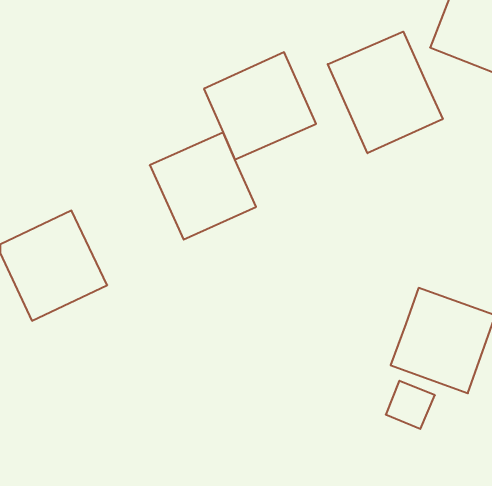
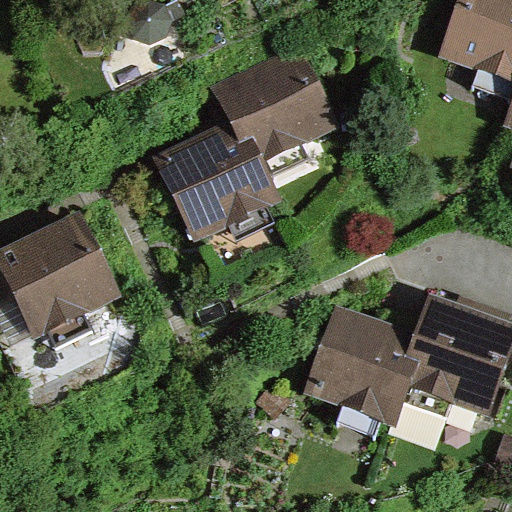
building: [328,32,443,153] -> none
building: none -> [311,307,422,422]

